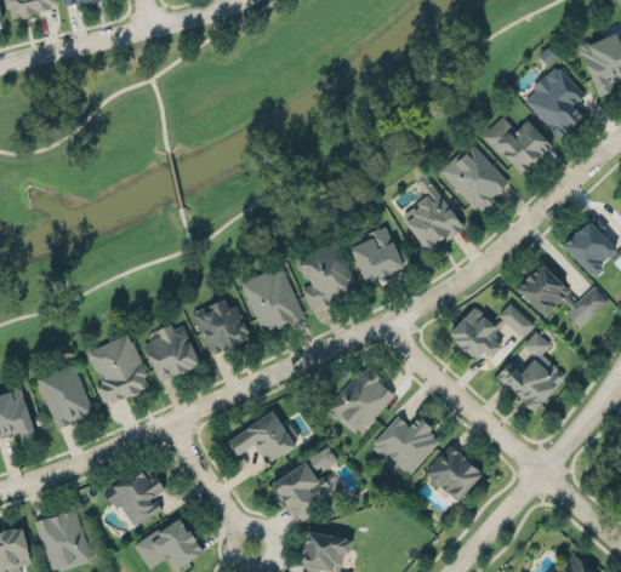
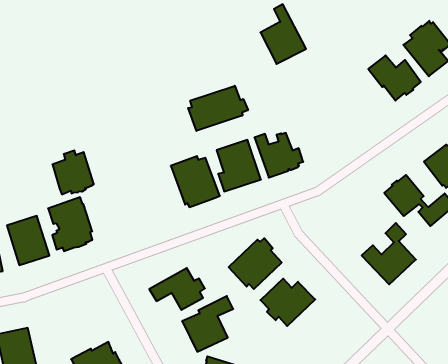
building: [441,143,511,212] -> none
building: none -> [188,86,248,131]
building: [403,176,463,253] -> [260,4,306,64]
building: [193,299,251,356] -> none
building: [450,304,535,361] -> none
building: [144,325,200,383] -> [52,150,94,194]
building: [425,445,483,502] -> none
building: [103,465,165,527] -> none

